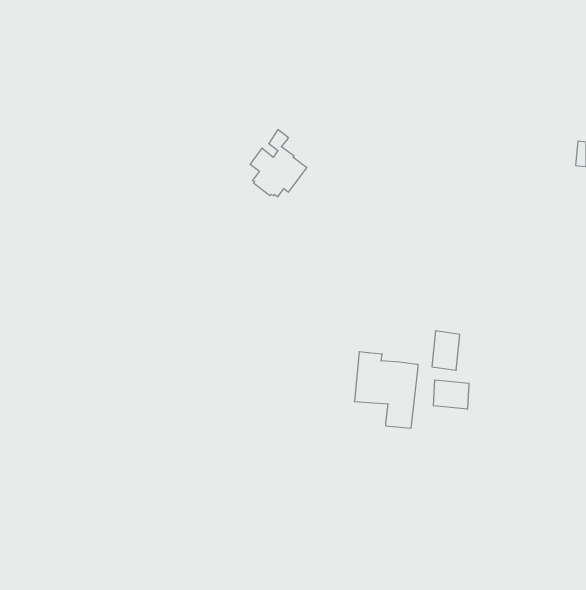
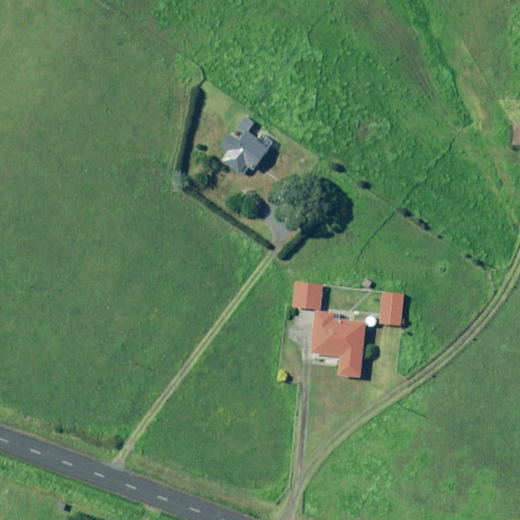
building: none -> [291,282,322,309]
building: [433,380,469,409] -> none

